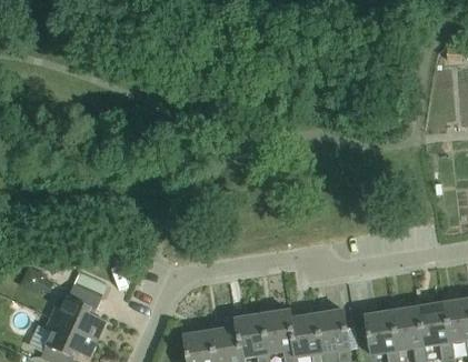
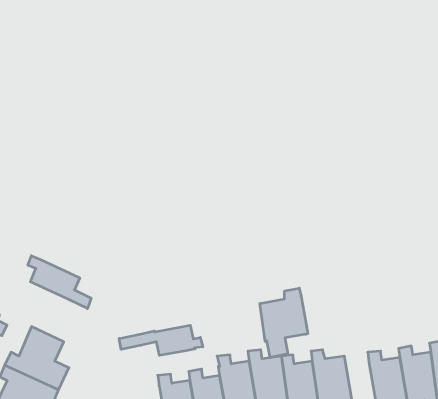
building: none -> [28,256,91,309]
building: none -> [260,288,308,358]
building: none -> [119,325,203,355]

